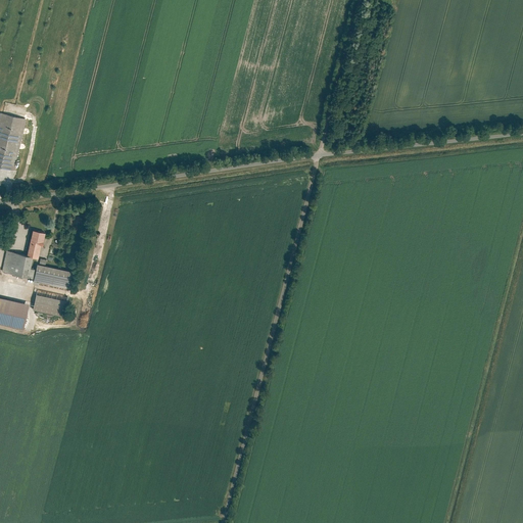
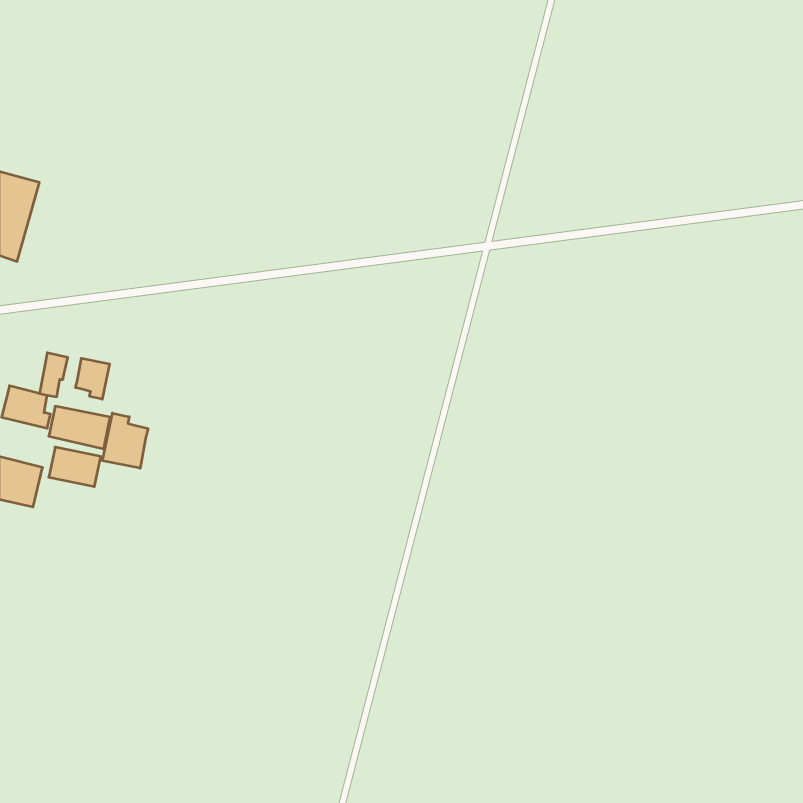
building: none -> [76,358,110,399]
building: none -> [102,413,148,468]

